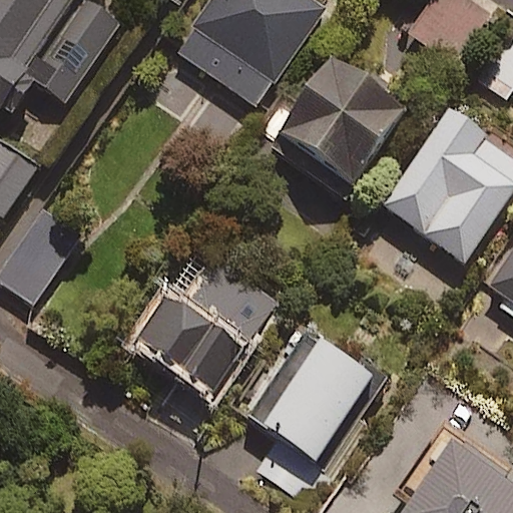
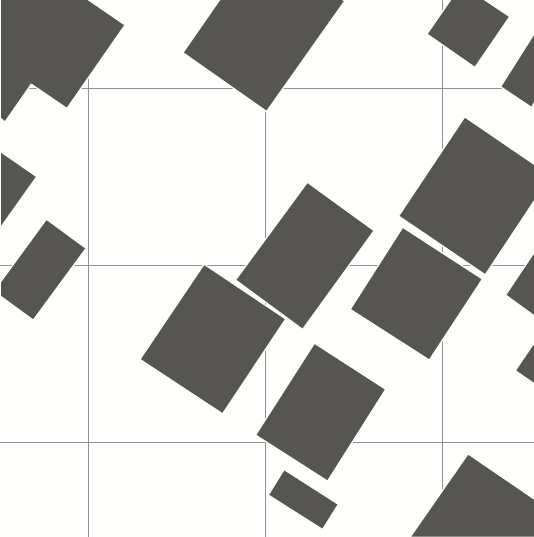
building: [264,52,404,195] -> none
building: none -> [236,182,374,329]
building: none -> [350,227,483,360]

